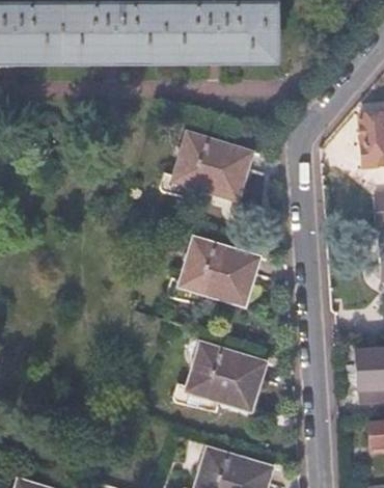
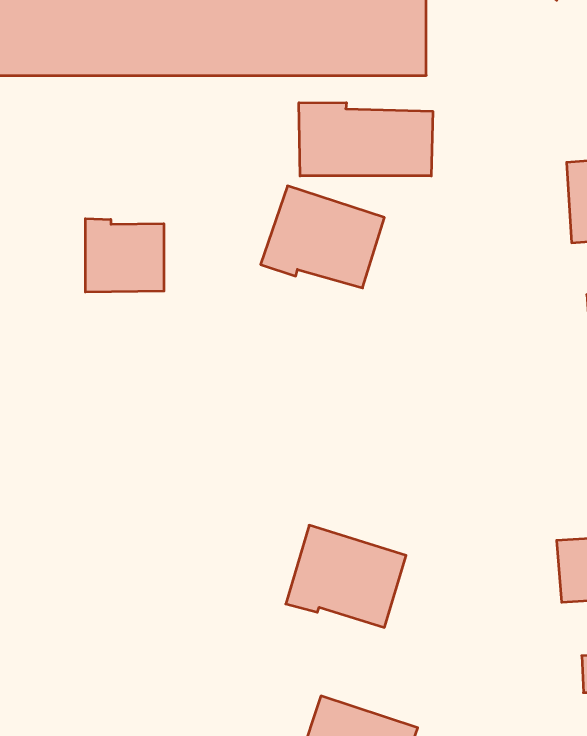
building: none -> [299,103,433,176]
building: none -> [85,219,164,292]
building: [180,236,255,300] -> none

